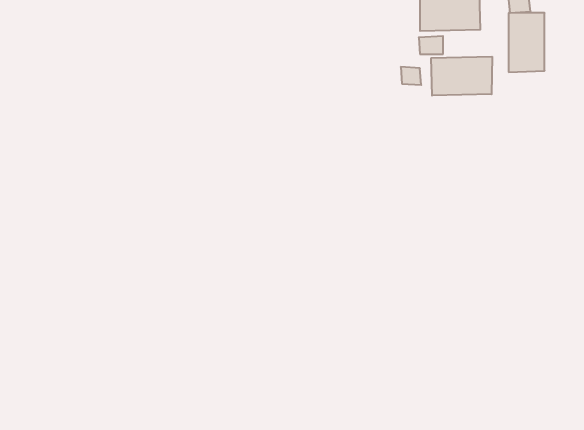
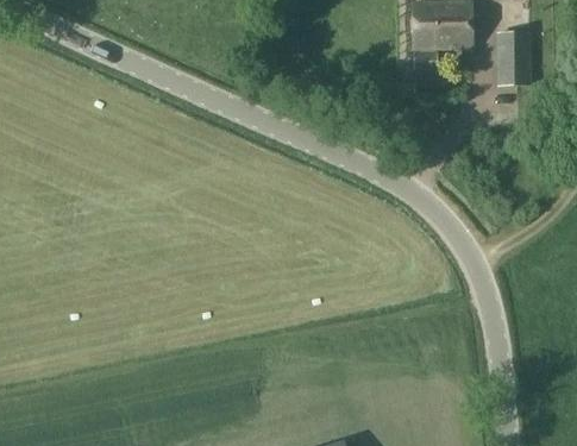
building: [431,57,492,96] -> none

